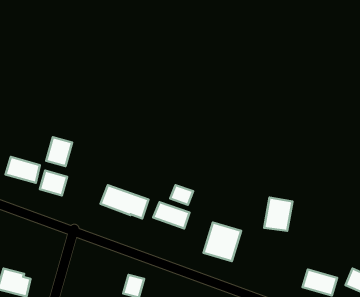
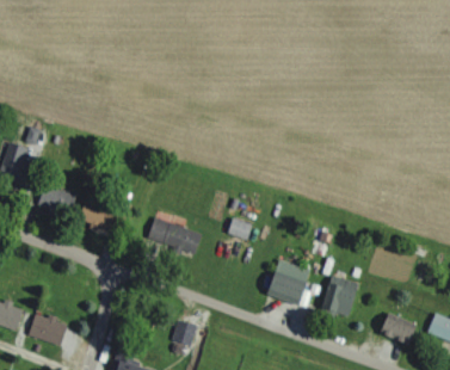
building: [46,137,72,166] -> none
building: [264,197,292,231] -> [323,277,356,315]
building: [153,202,189,228] -> none

